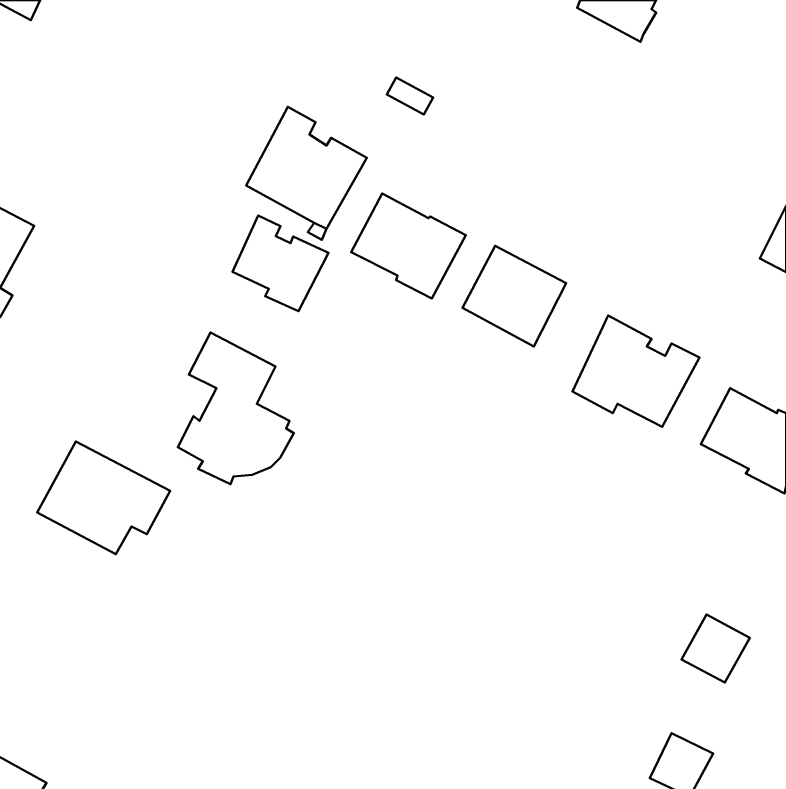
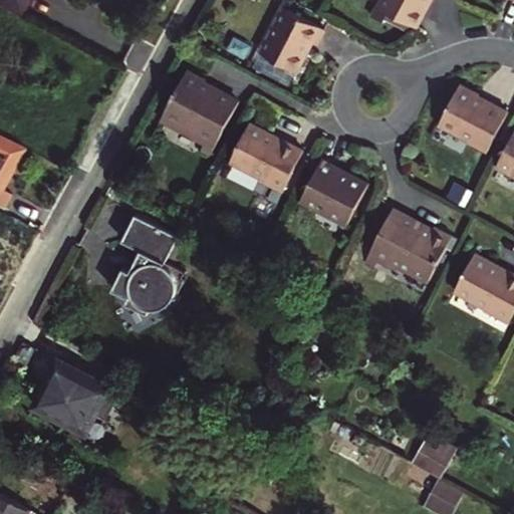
building: none -> [261,6,324,69]
building: none -> [435,88,506,158]
building: [233,215,329,311] -> none
building: [37,441,170,554] -> [32,358,118,432]
building: [682,614,750,683] -> [411,433,455,477]

